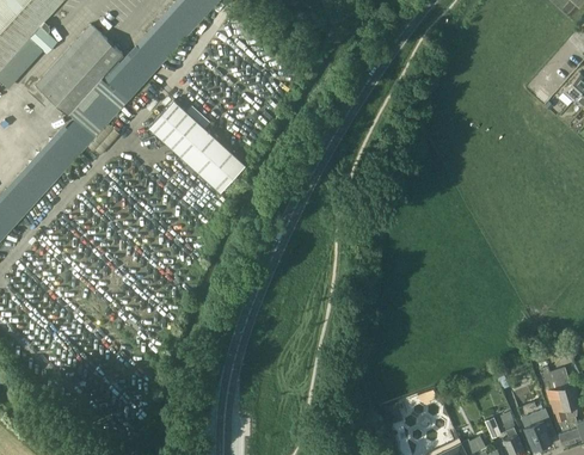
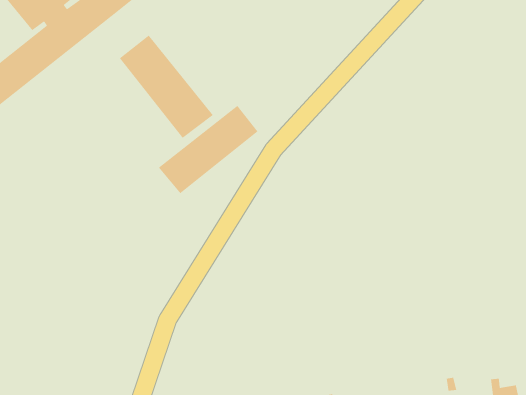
building: none -> [158,105,258,194]

